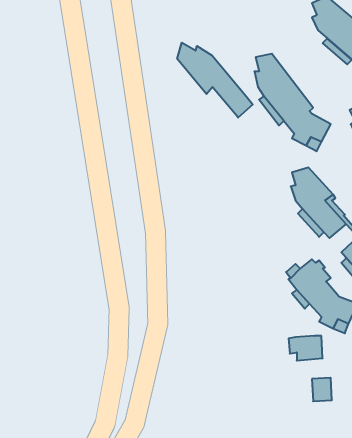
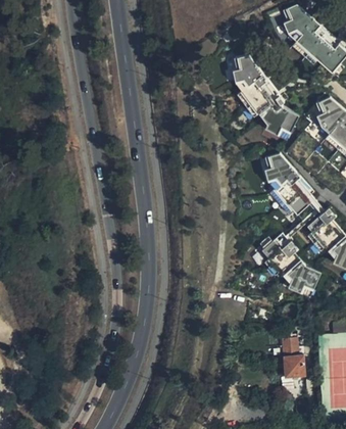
building: [177,43,253,118] -> none
building: [289,336,323,361] -> [278,356,307,378]

